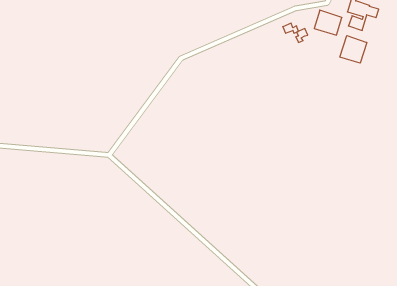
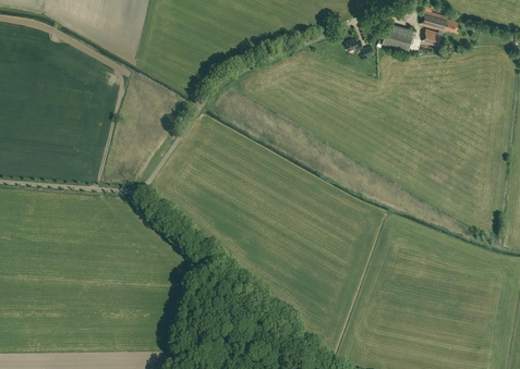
building: [340,36,367,63] -> none

